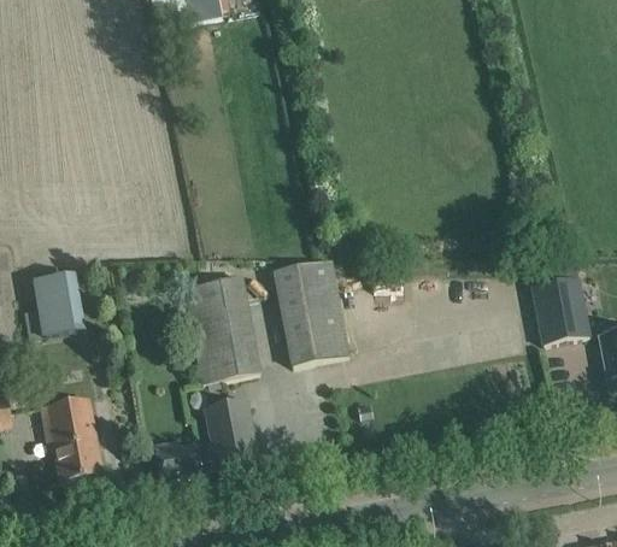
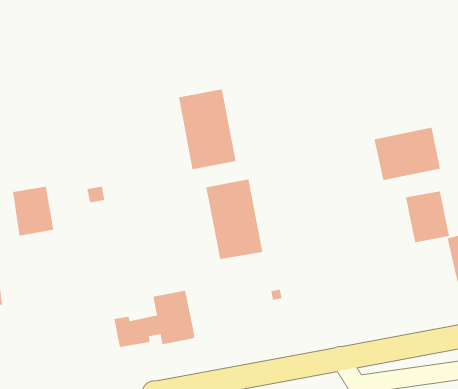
building: none -> [374,127,440,181]
building: [184,276,260,381] -> [178,89,237,170]
building: [43,398,104,478] -> none

